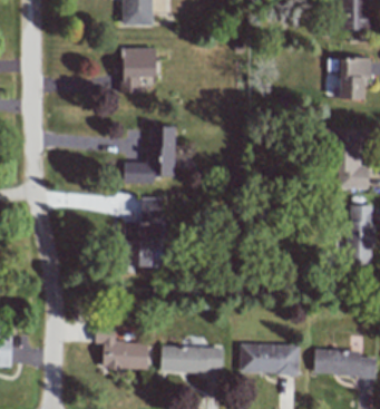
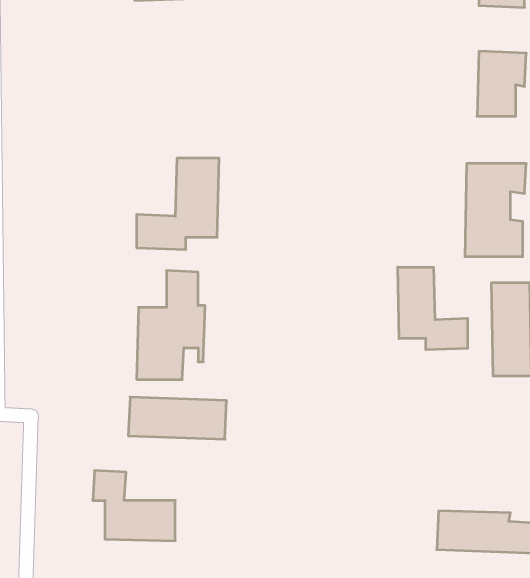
building: [121,48,157,91] -> none
building: none -> [398,267,468,350]
building: [241,344,300,374] -> none
building: [162,345,224,372] -> [128,397,227,439]

